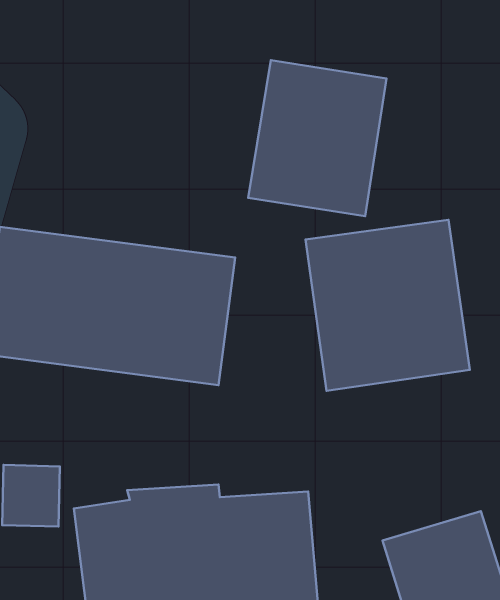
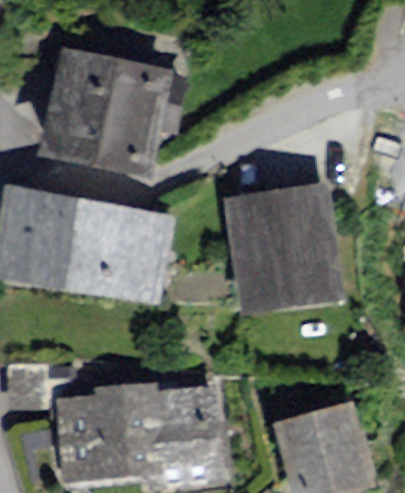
building: none -> [50,47,169,159]
building: [248,60,387,216] -> none

